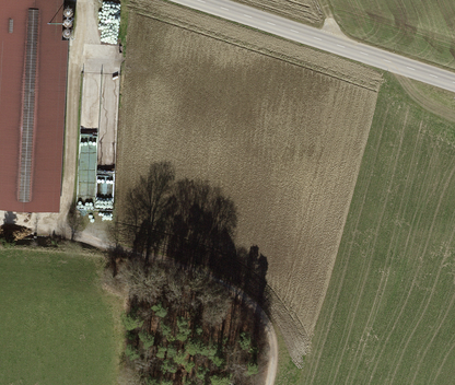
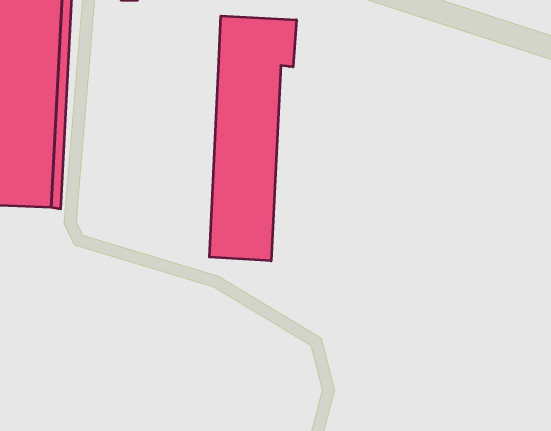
building: none -> [209,16,296,261]

